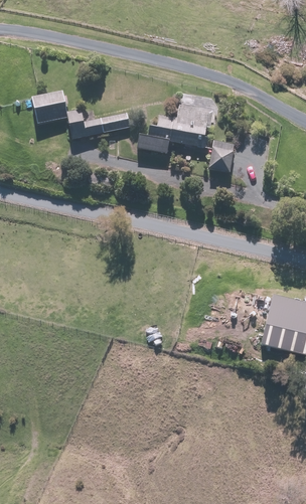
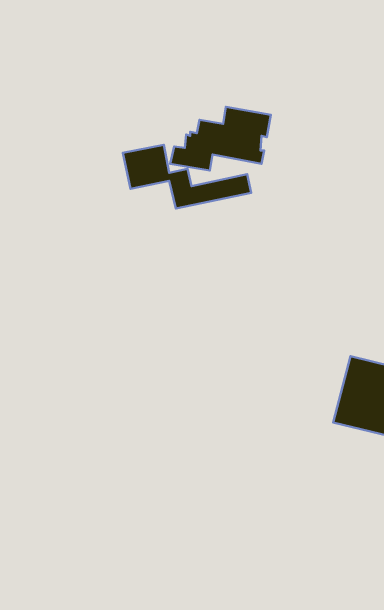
building: [31,91,129,139] -> [123,145,251,209]
building: [208,140,234,172] -> none

